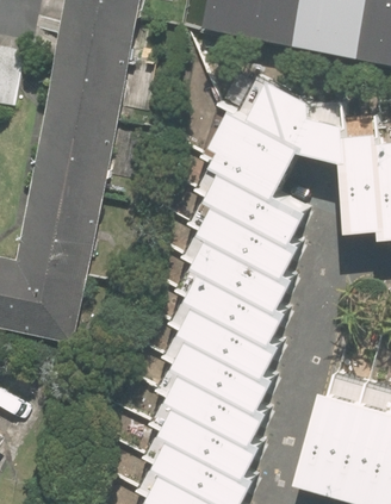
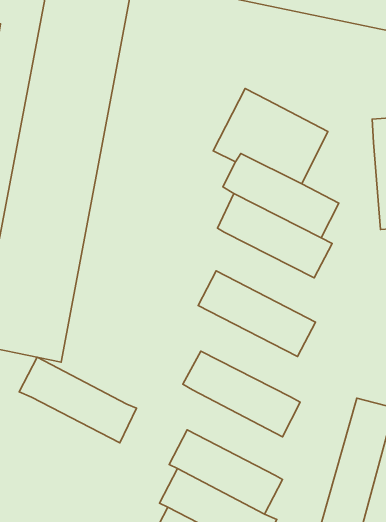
building: [249,75,341,153] -> none
building: [197,230,298,304] -> none
building: [184,298,284,372] -> none
building: [169,366,271,440] -> [19,357,136,443]

